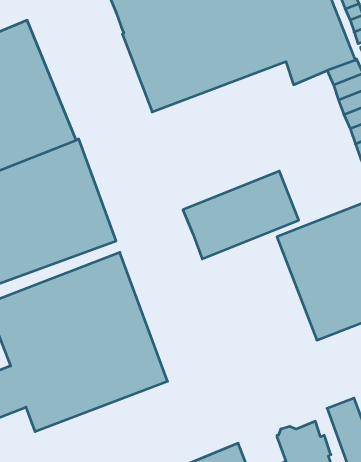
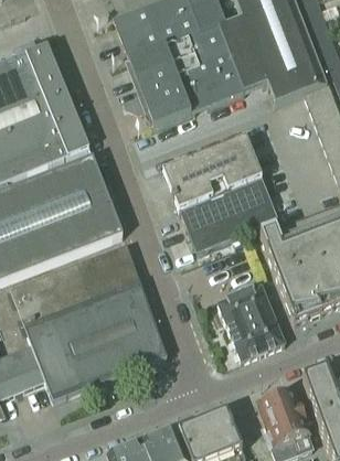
building: none -> [162,135,262,208]
building: none -> [216,285,284,358]

